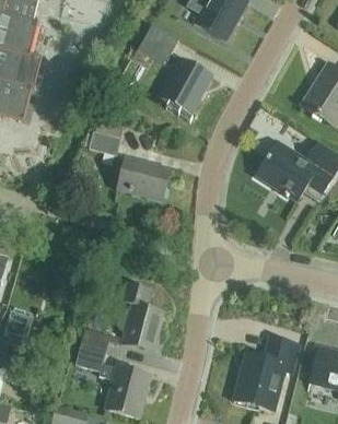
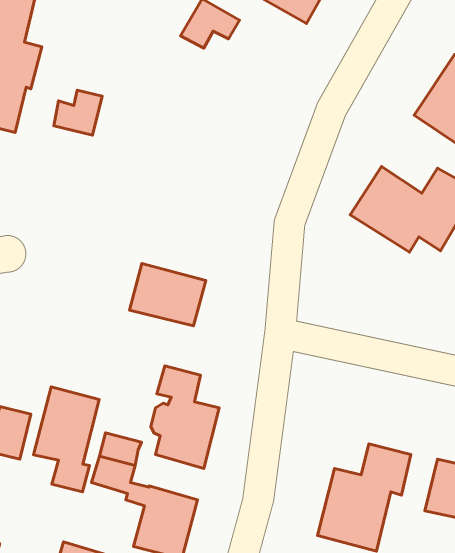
building: [159,58,211,113] -> none
building: [89,122,123,154] -> [54,90,102,135]
building: [116,156,170,200] -> [130,263,206,326]
building: none -> [34,387,99,492]

